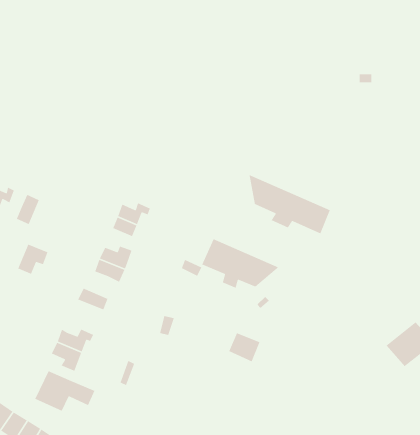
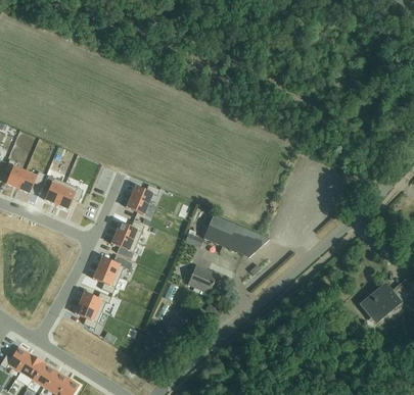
building: [249,174,331,234] -> none
building: [17,244,48,275] -> [56,183,83,209]
building: none -> [93,267,120,294]
building: [228,332,261,362] -> [188,268,216,294]
building: [34,370,95,412] -> none

